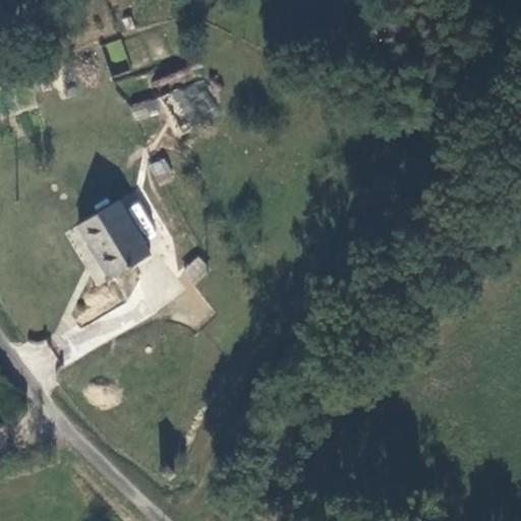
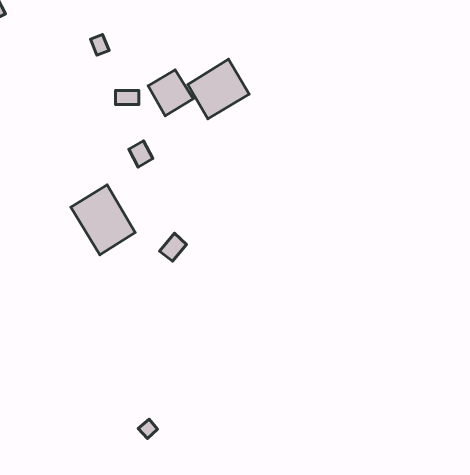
building: none -> [188,59,249,119]

